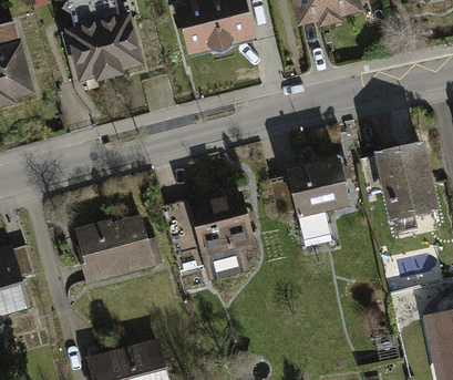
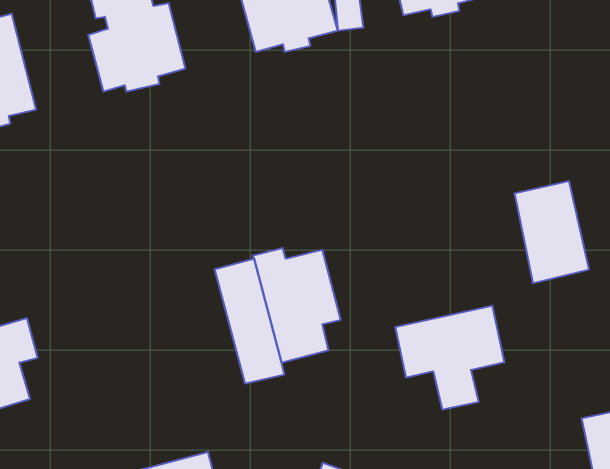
building: [270,162,350,237] -> [395,306,505,409]
building: [78,216,147,281] -> none

